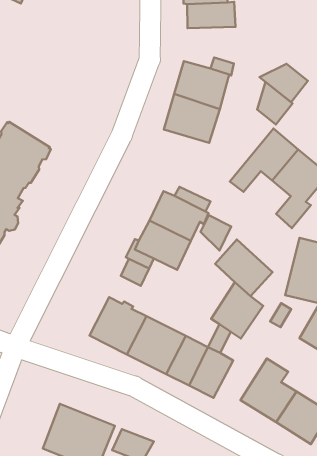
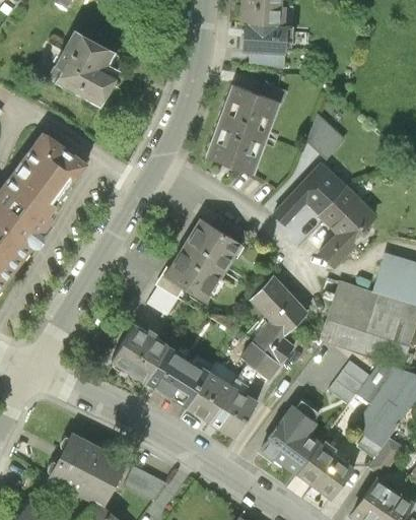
building: none -> [50,27,121,103]
building: [259,64,308,102] -> none
building: [200,215,231,251] -> none

